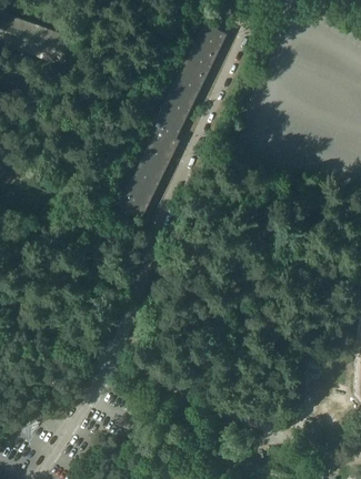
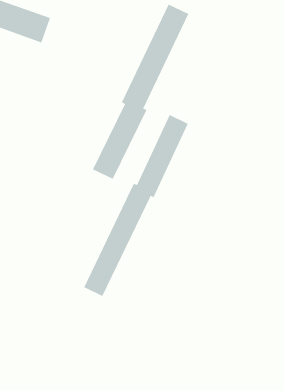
building: none -> [83,114,189,297]

